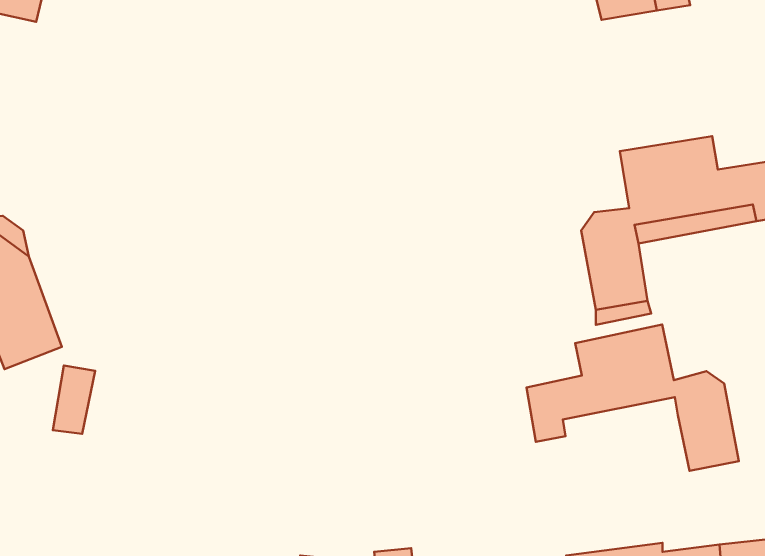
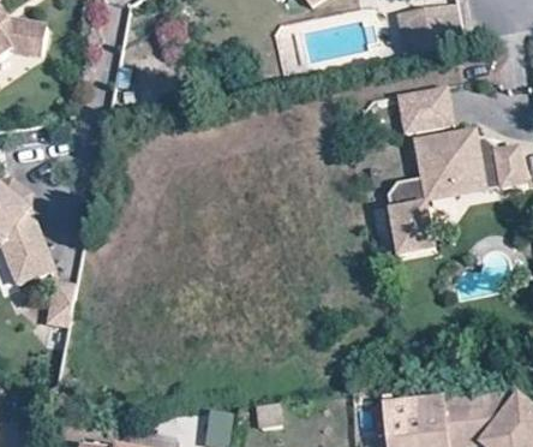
building: none -> [396,83,453,133]
building: [526,325,739,471] -> none

